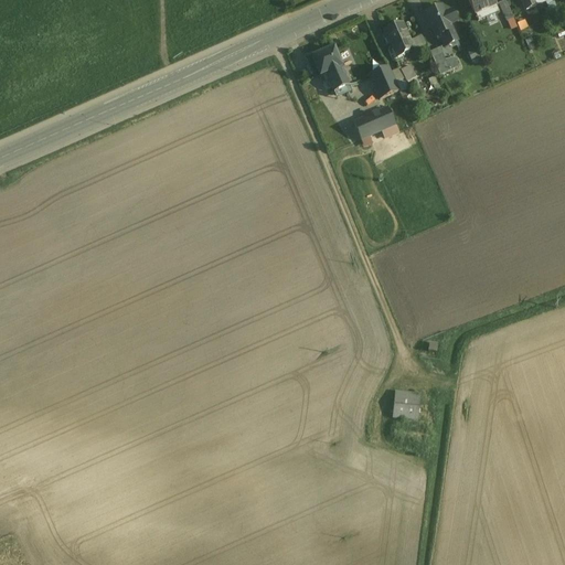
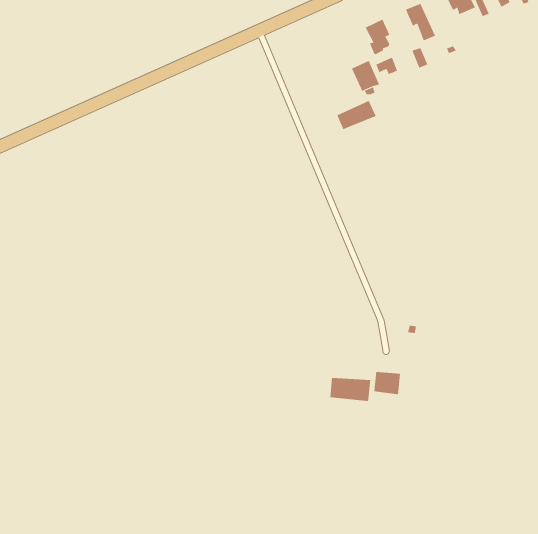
building: [311,44,348,88] -> none
building: none -> [330,377,371,402]

